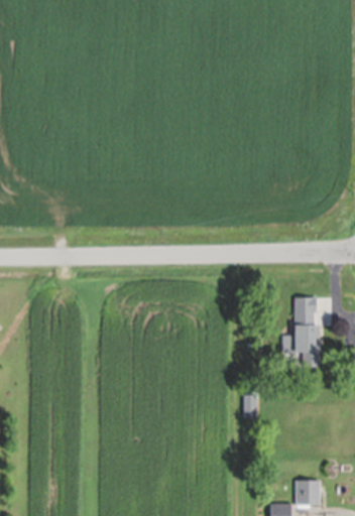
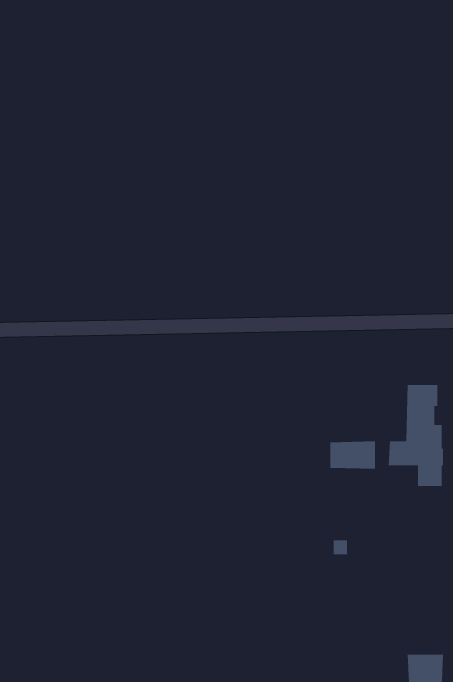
building: none -> [330,441,376,470]

